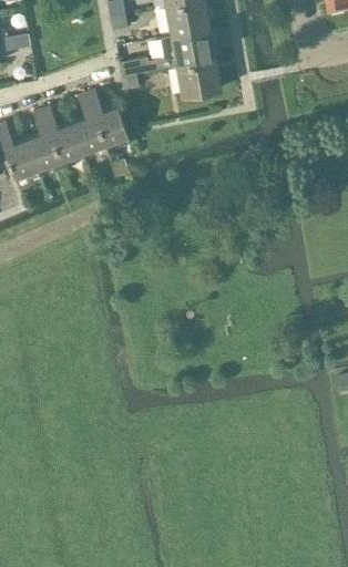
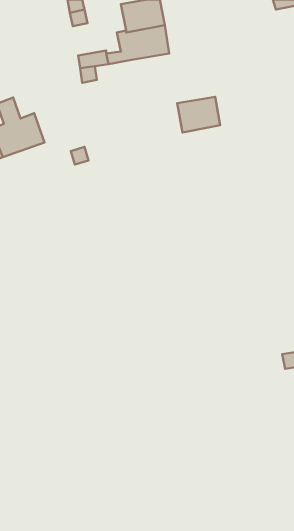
building: [175,60,221,97] -> [177,97,220,132]
building: [72,90,129,154] -> none

